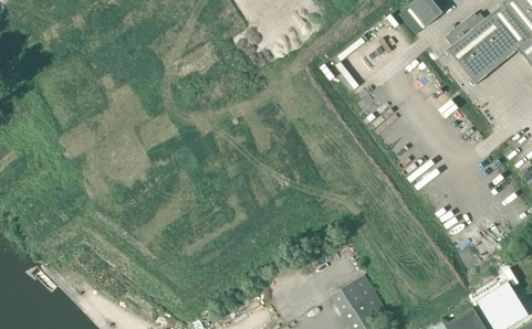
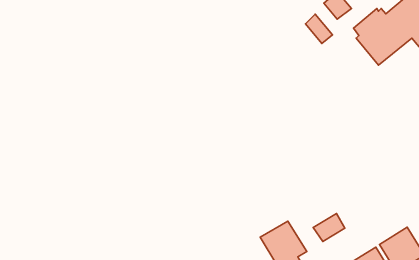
building: none -> [305,14,333,43]
building: none -> [313,213,345,241]

